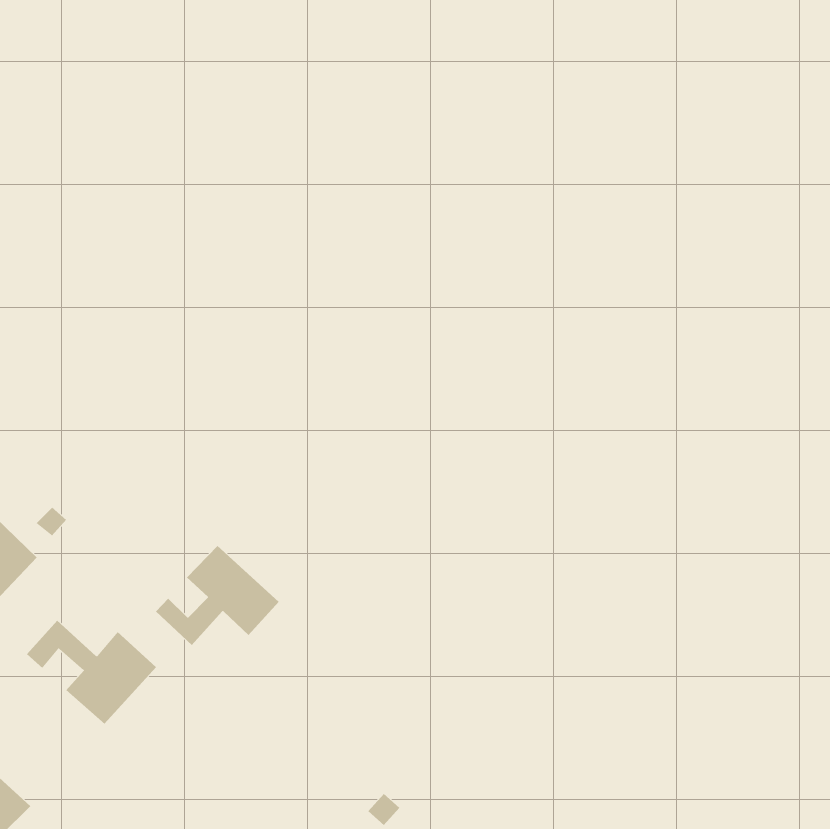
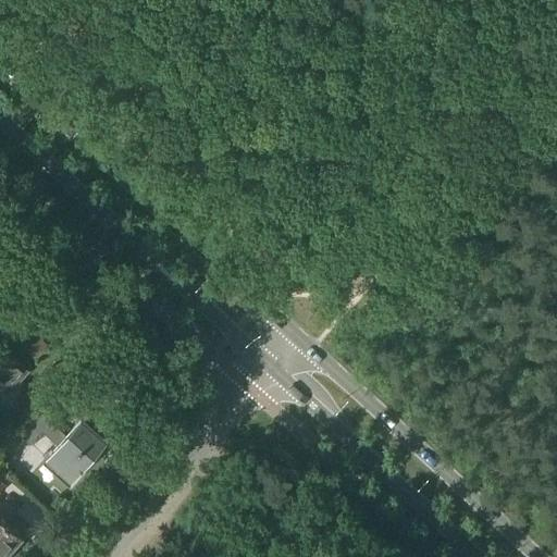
building: [155,545,279,646] -> none

